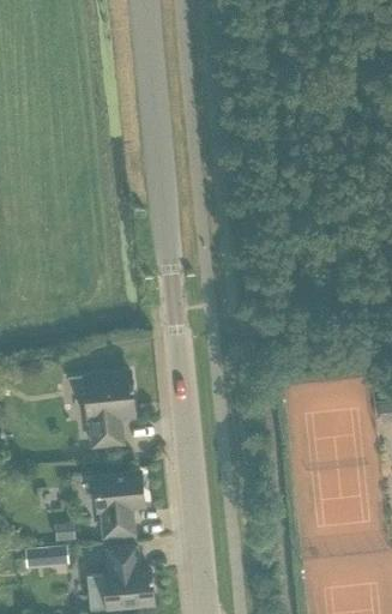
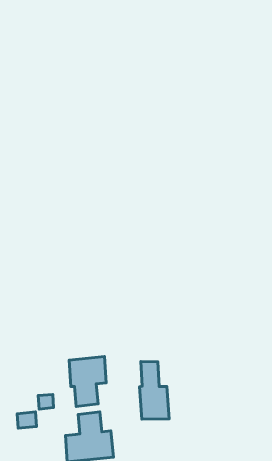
building: [84,374,134,449] -> none
building: none -> [140,362,169,419]

